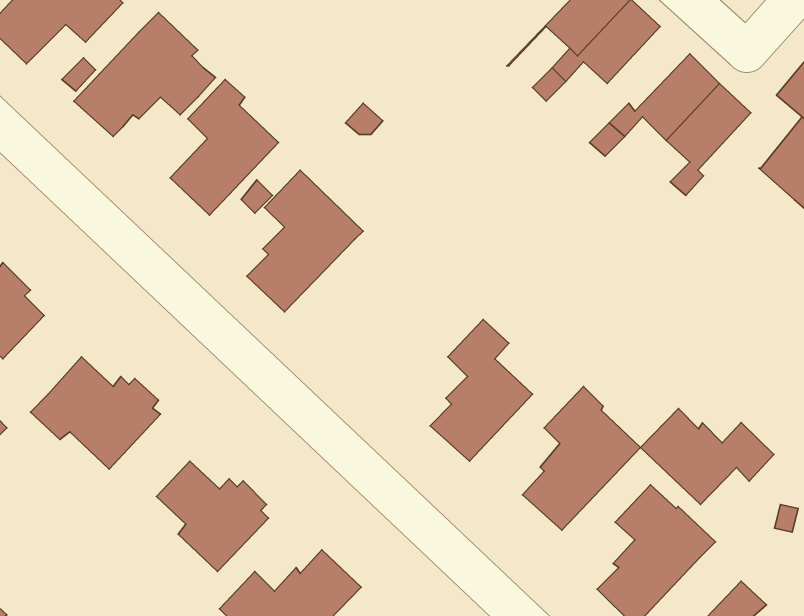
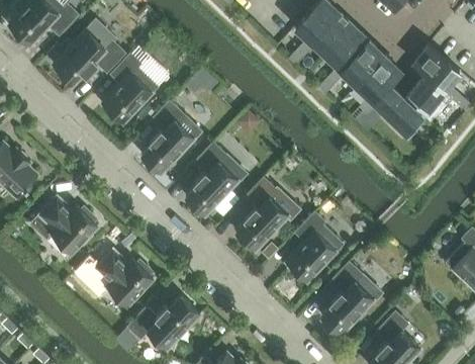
building: none -> [326,27,369,71]
building: none -> [373,72,422,133]
building: none -> [185,144,247,216]
building: [641,408,774,504] -> none

